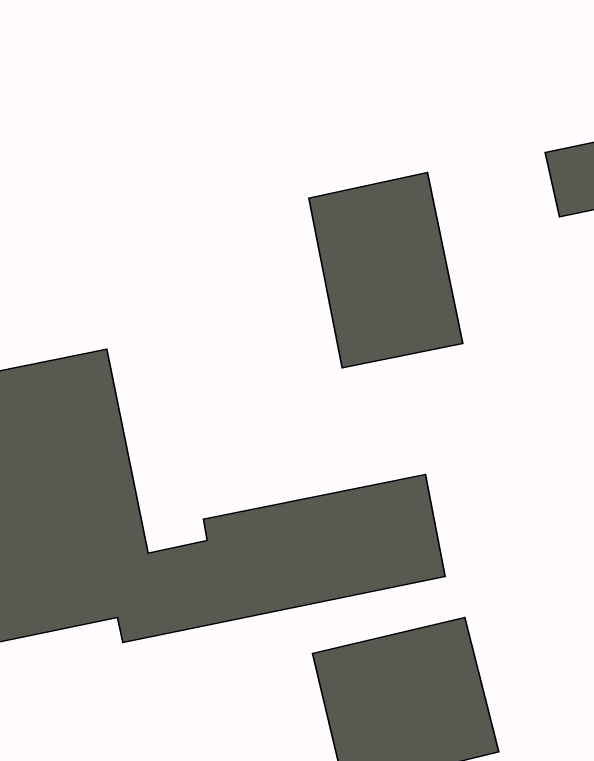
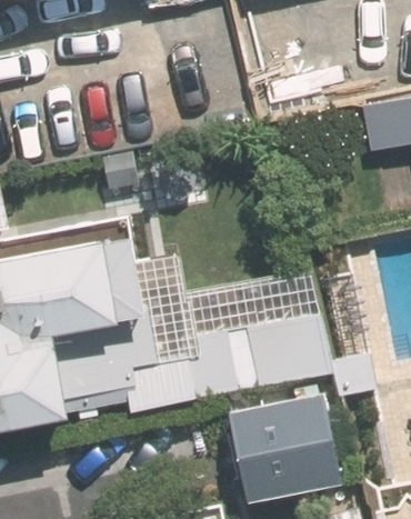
building: [309,173,463,368] -> none

